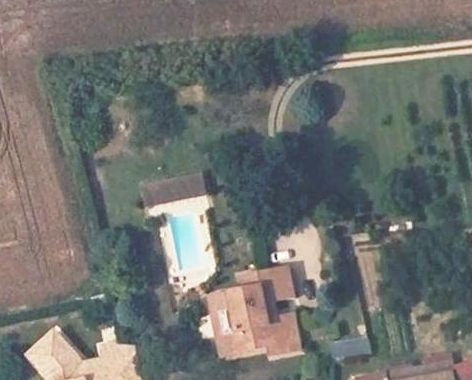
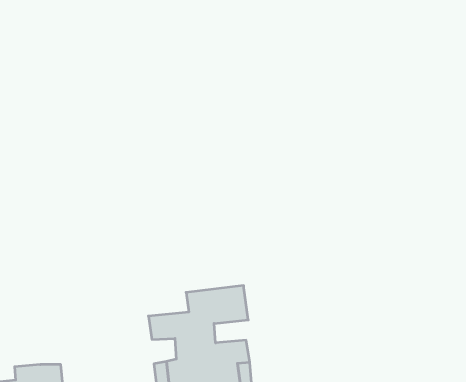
building: [135,177,202,212] -> none

